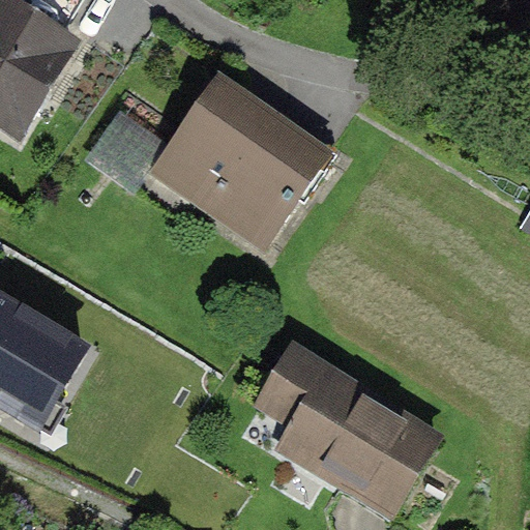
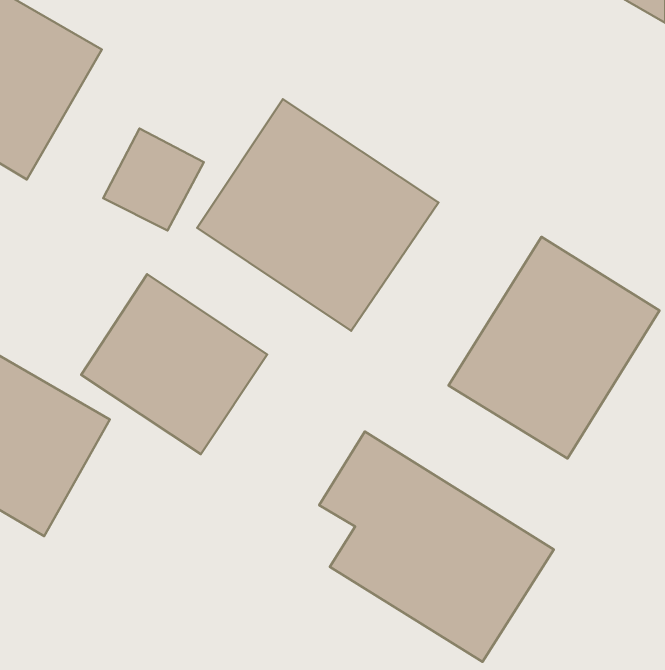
building: none -> [448,237,659,458]
building: none -> [81,274,267,454]

